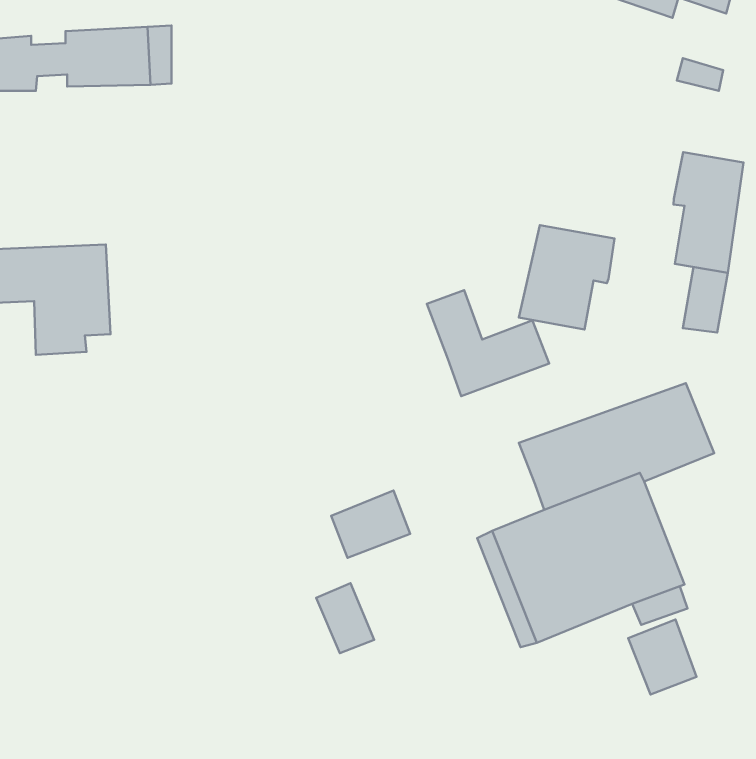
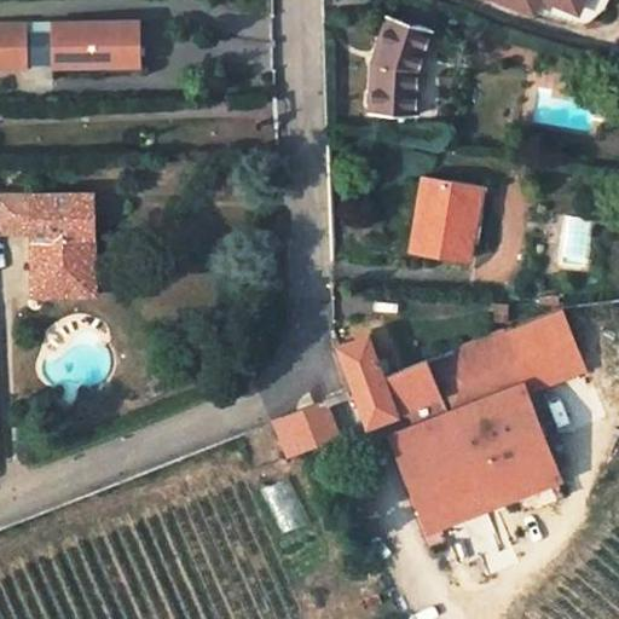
building: none -> [382,15,444,114]
building: [674,152,743,273] -> none
building: [427,290,549,396] -> [335,334,434,420]
building: none -> [29,271,91,305]
building: [628,620,697,695] -> none

